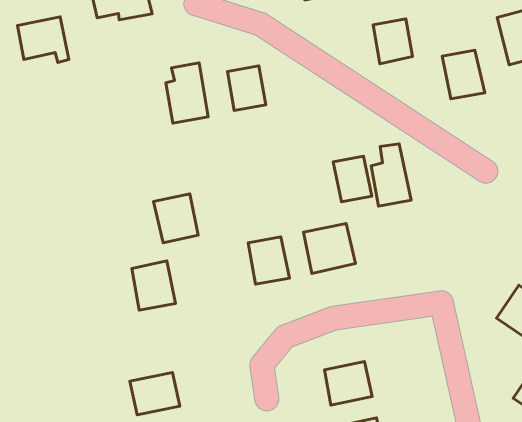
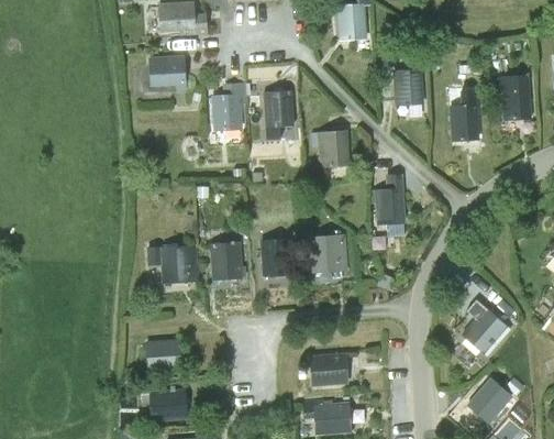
building: [18,17,69,62] -> [146,54,186,92]
building: [333,156,372,202] -> [319,130,347,166]
building: [153,194,198,243] -> [208,242,242,281]

